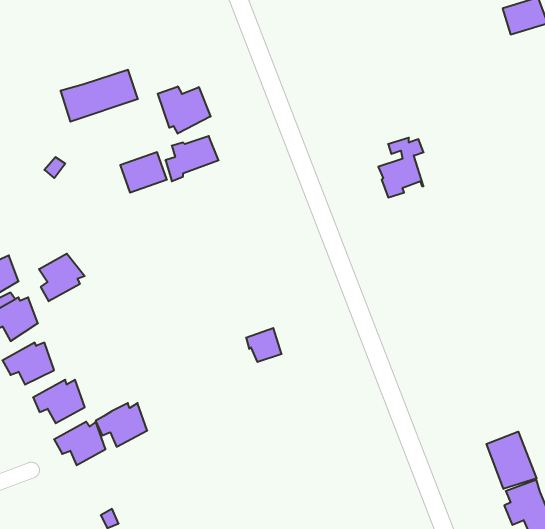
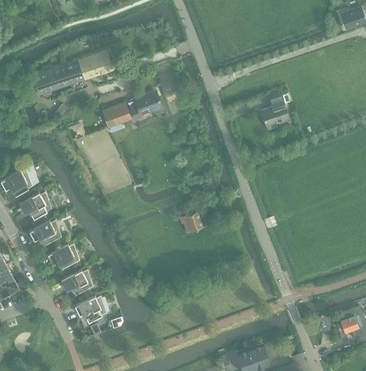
building: [158,86,211,134] -> none
building: none -> [32,64,70,94]
building: [39,254,85,301] -> none
building: [96,403,147,447] -> [74,295,106,322]
building: [486,432,537,489] -> none

